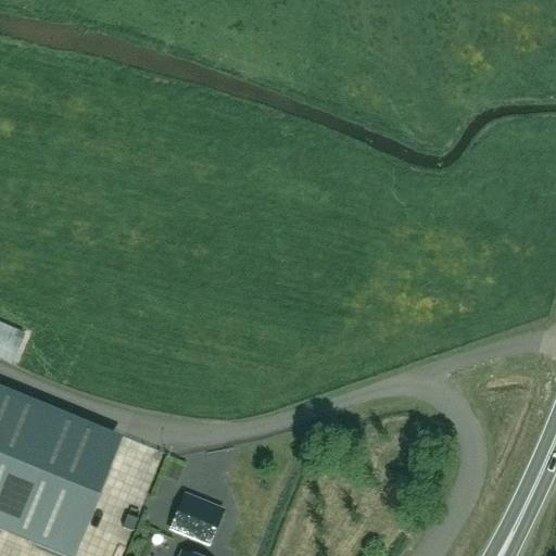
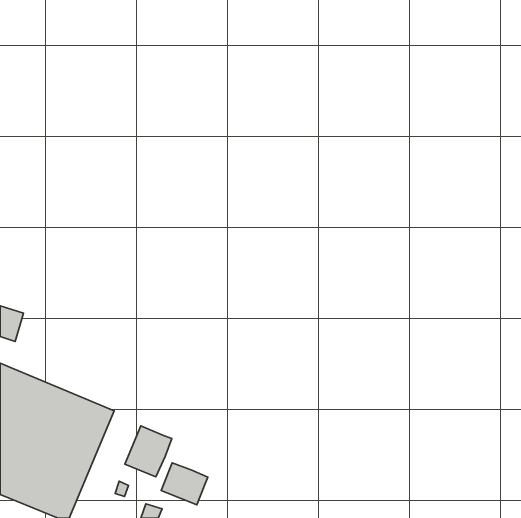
building: none -> [125,426,172,477]

